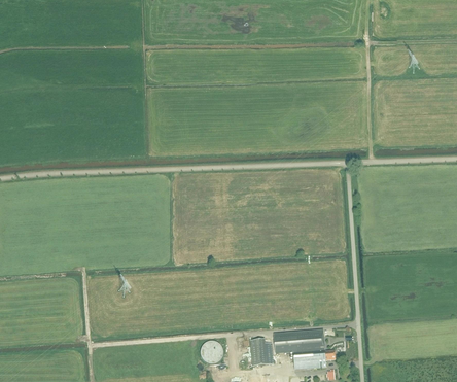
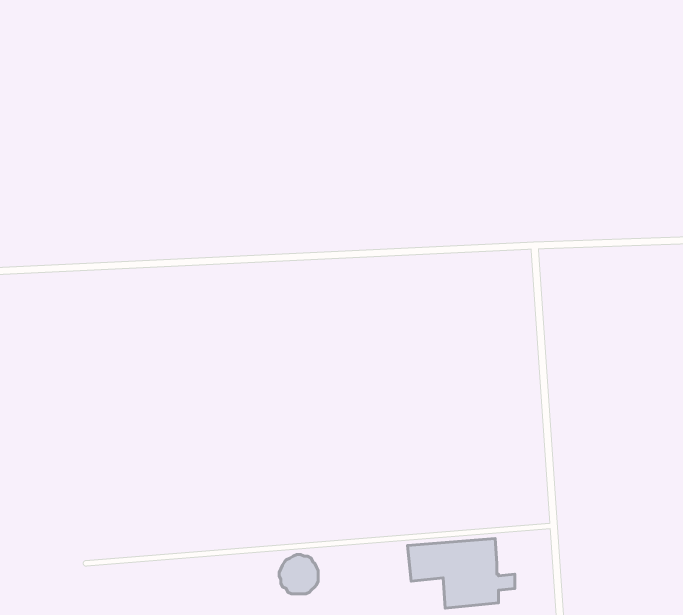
building: [249,338,273,364] -> none

